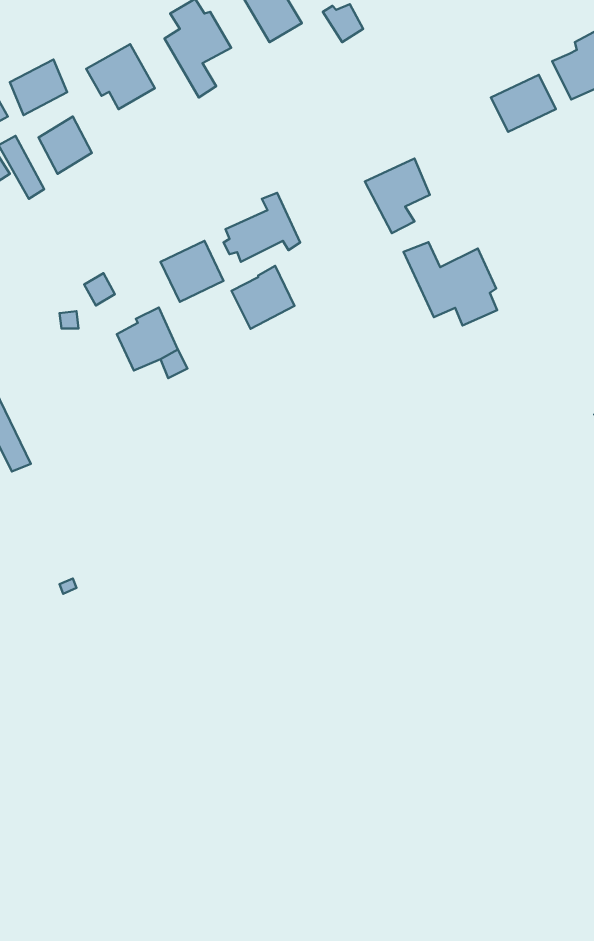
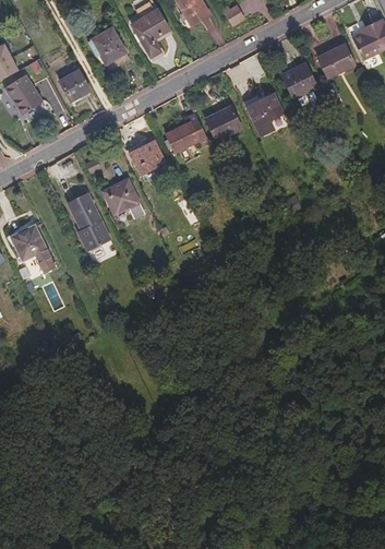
building: [10,59,67,115] -> none
building: none -> [281,62,317,108]
building: [404,242,497,325] -> none
building: [231,266,294,329] -> [205,105,241,141]
building: none -> [68,192,110,250]

